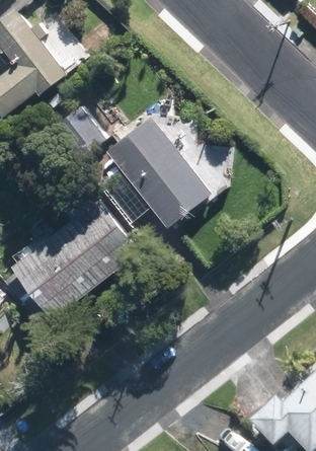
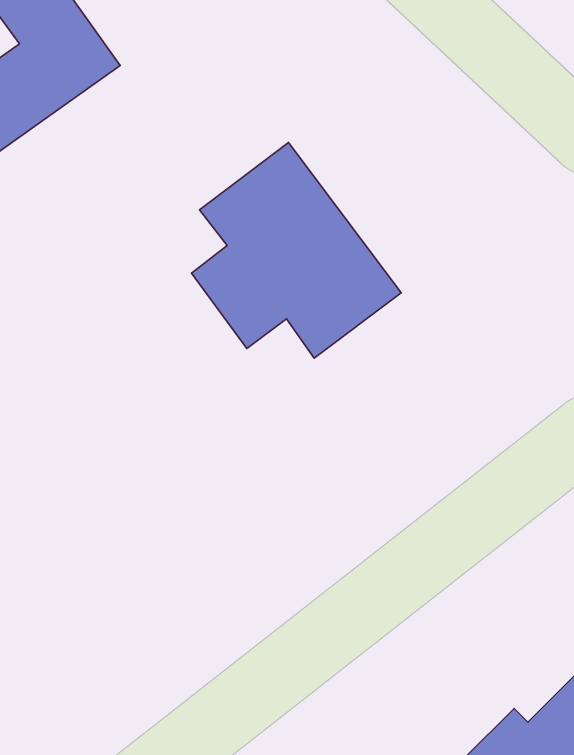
building: [16,196,140,312] -> none

